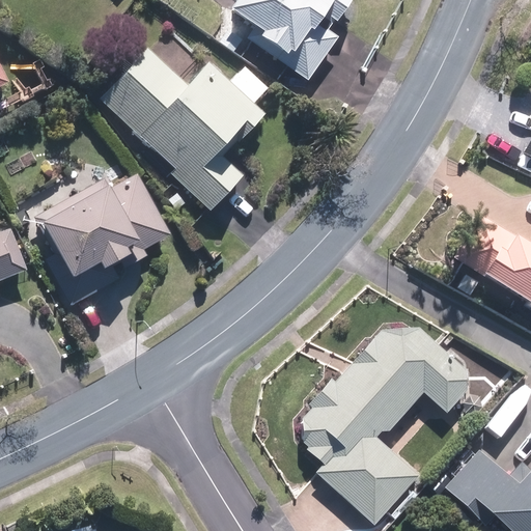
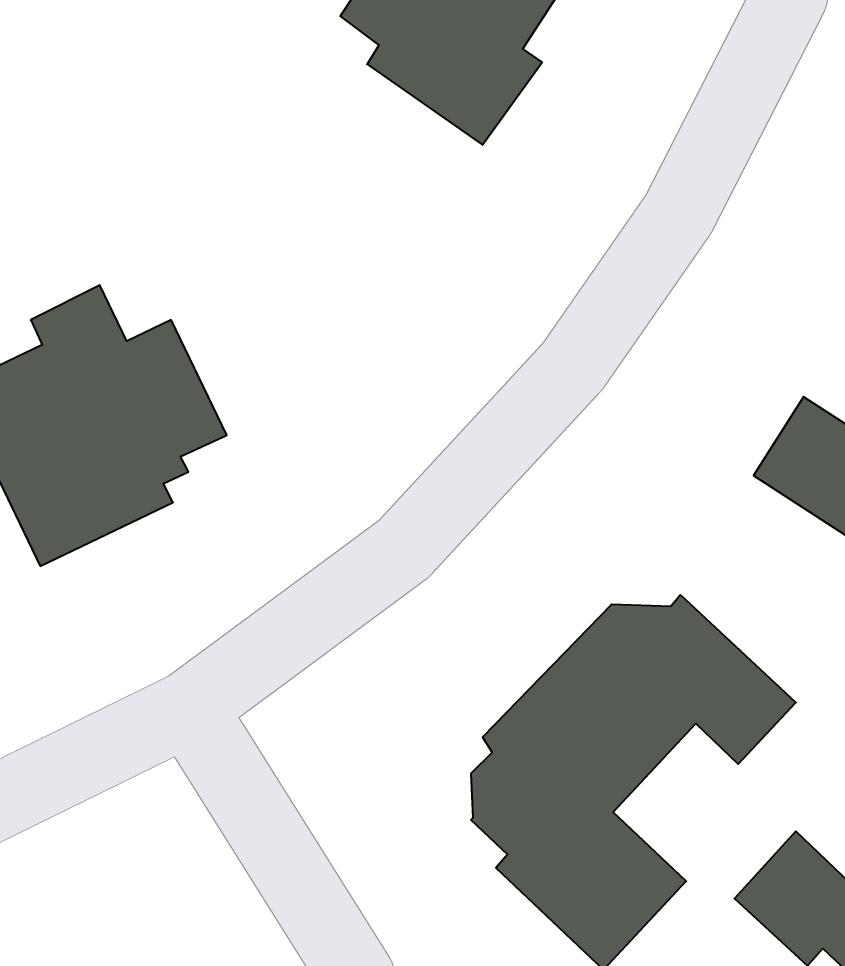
building: [100,44,269,209] -> none

